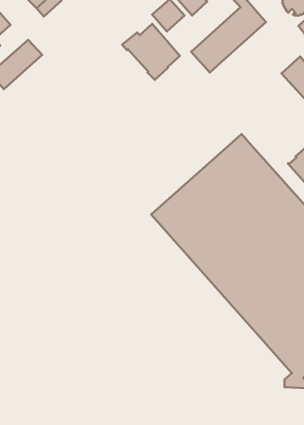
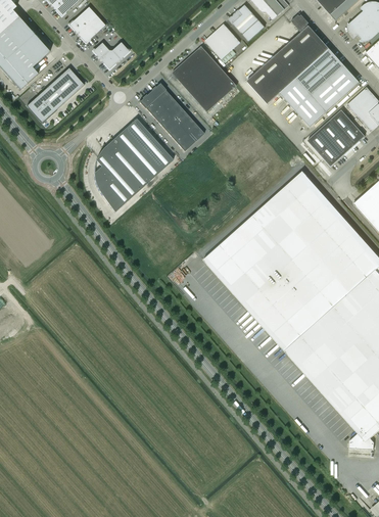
building: none -> [93,42,129,68]
building: none -> [280,48,360,126]
building: none -> [139,83,204,150]
building: none -> [307,109,365,166]
building: none -> [94,118,173,212]

